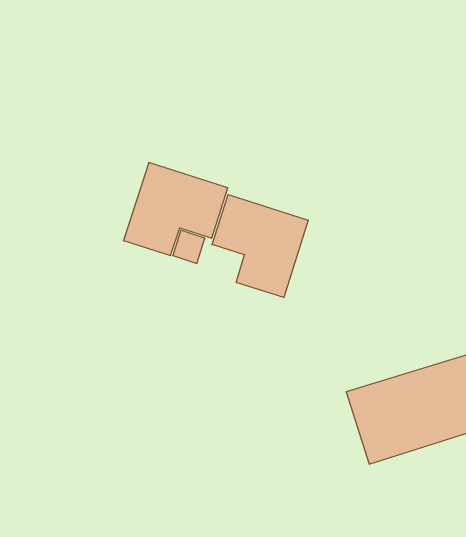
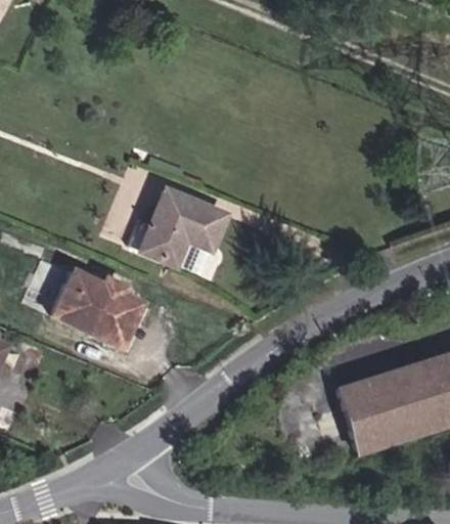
building: [212,195,308,298] -> none
building: none -> [51,270,142,347]

